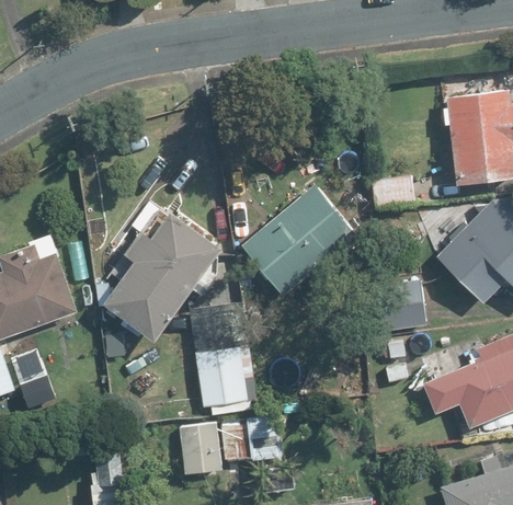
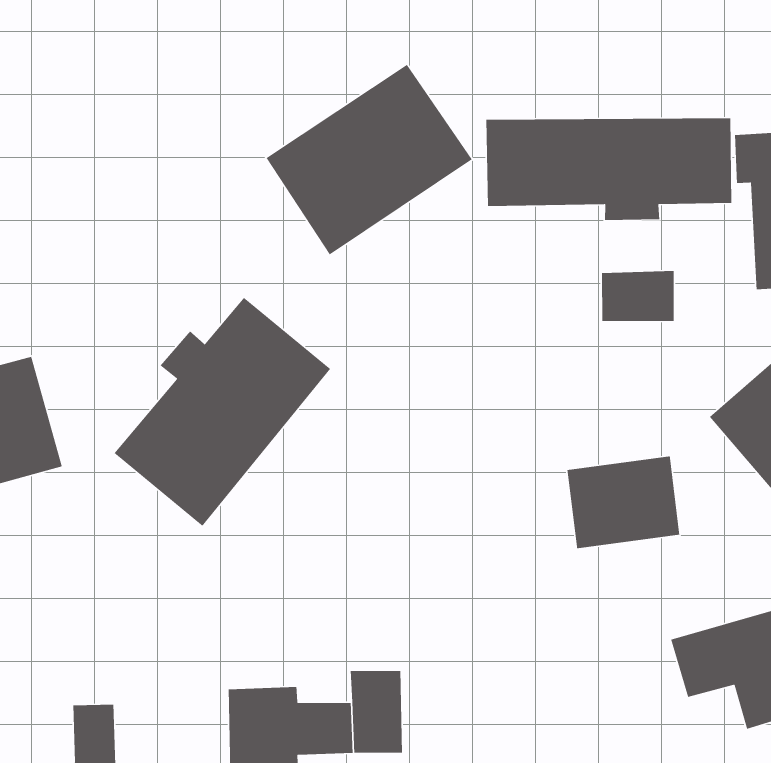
building: none -> [486,118,732,221]
building: [241,187,356,297] -> [266,64,473,255]
building: [181,348,244,408] -> none

